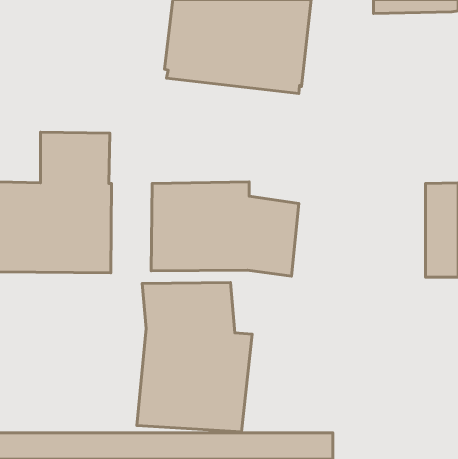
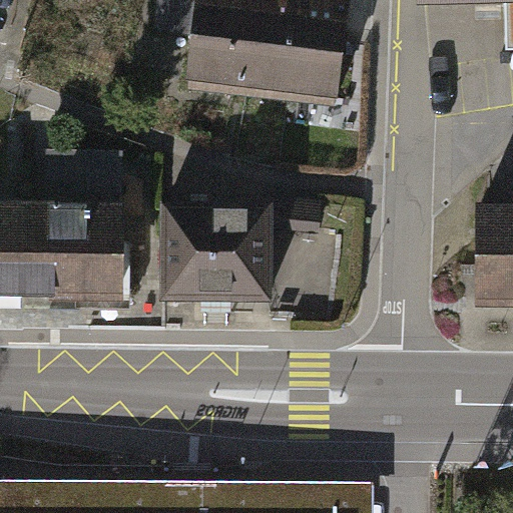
building: [137,282,252,432] -> none

